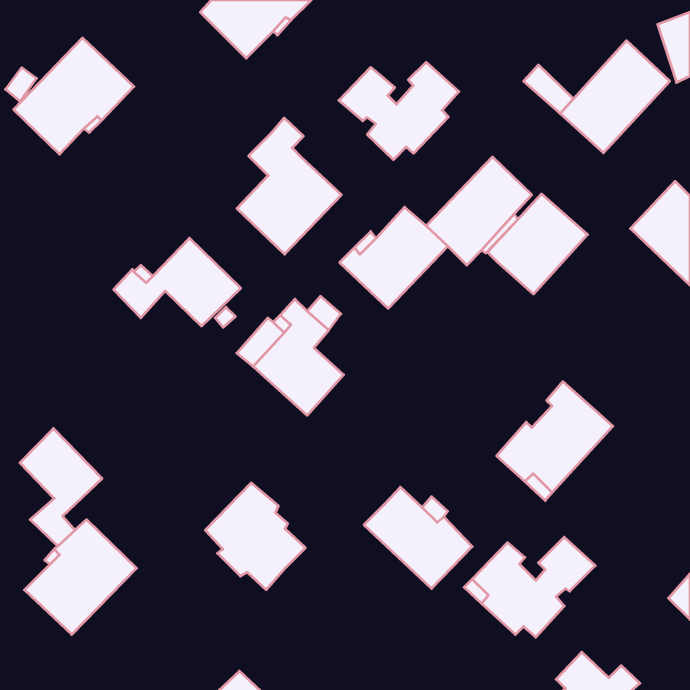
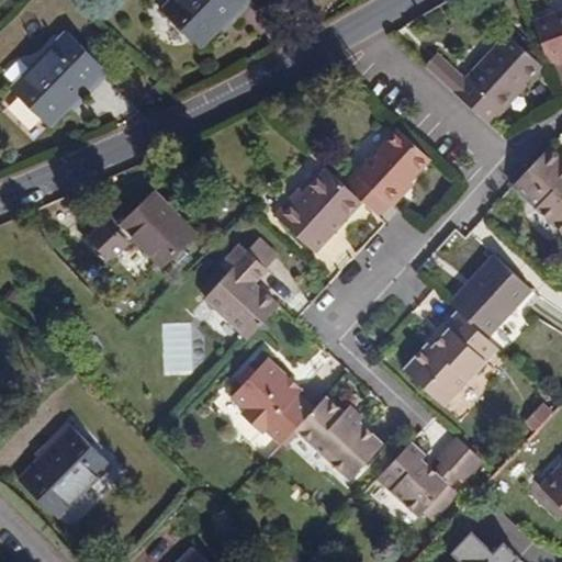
building: [339,62,459,160] -> none
building: [237,118,341,254] -> none
building: [487,194,588,294] -> [449,256,530,337]
building: [20,428,102,546] -> none
building: [205,483,305,590] -> [231,358,312,445]

